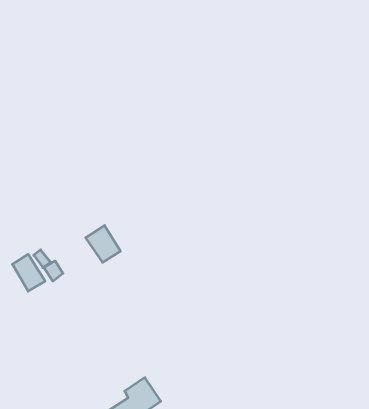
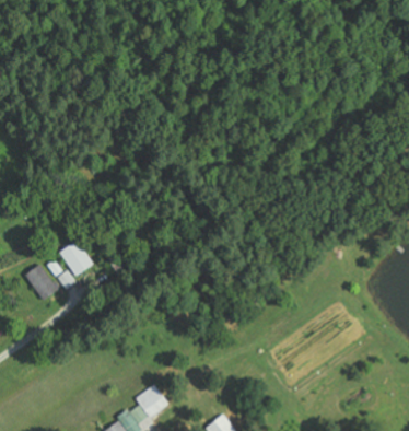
building: [86,225,120,262] -> [59,240,93,276]

